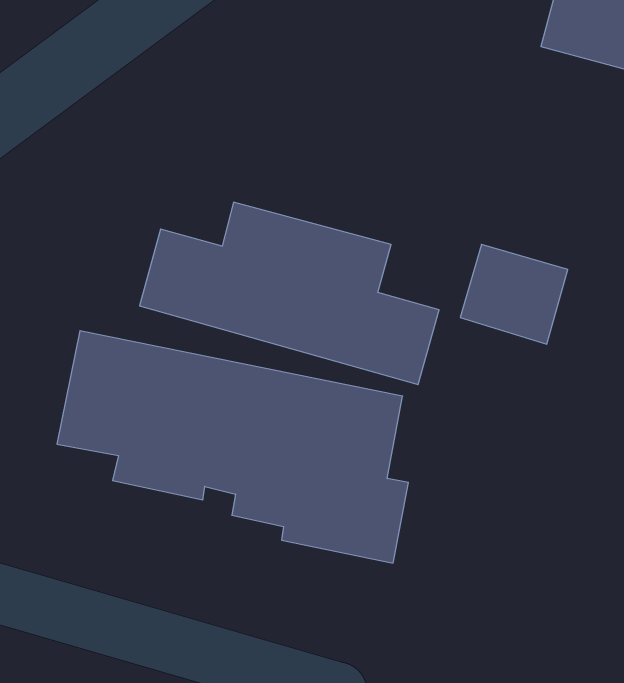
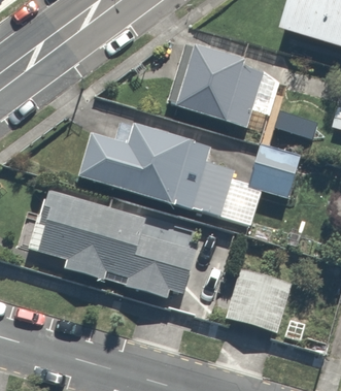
building: none -> [172,45,270,130]
building: none -> [225,271,293,336]

